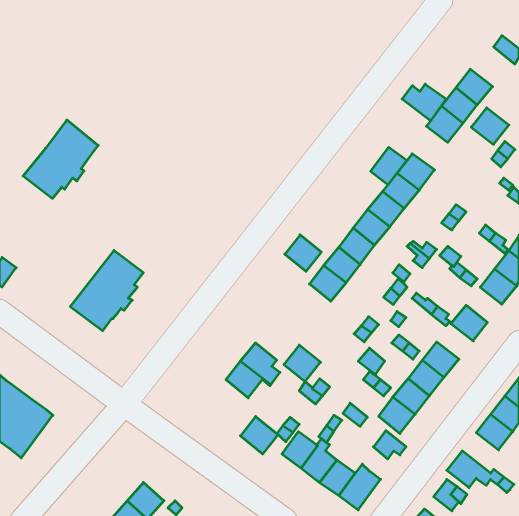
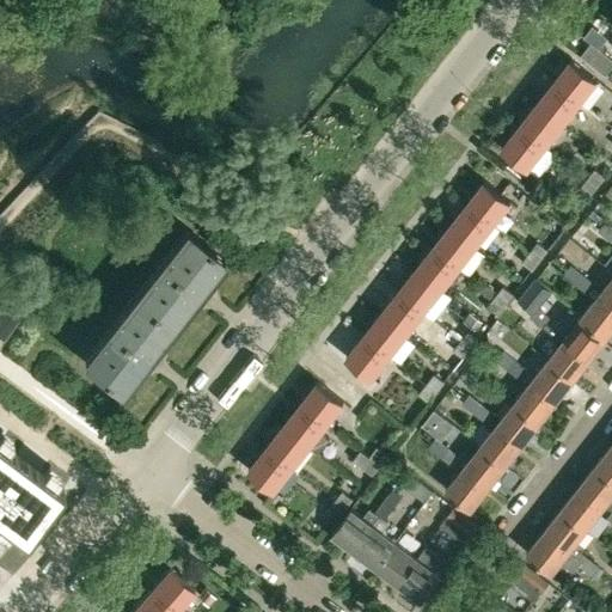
building: [402,84,446,121] -> none
building: [471,108,509,144] -> [552,63,596,106]
building: [23,120,98,198] -> [134,233,222,325]
building: [371,147,407,185] -> none
building: [285,235,321,271] -> [345,338,388,381]
building: none -> [547,342,589,384]
building: none -> [513,385,556,427]
building: [284,345,321,382] -> [300,385,343,428]
building: [240,416,278,454] -> [247,451,292,495]
building: none -> [543,513,586,561]

